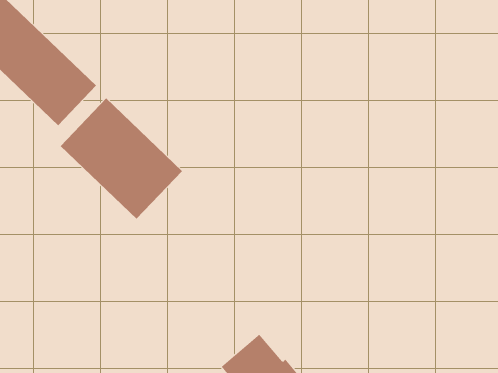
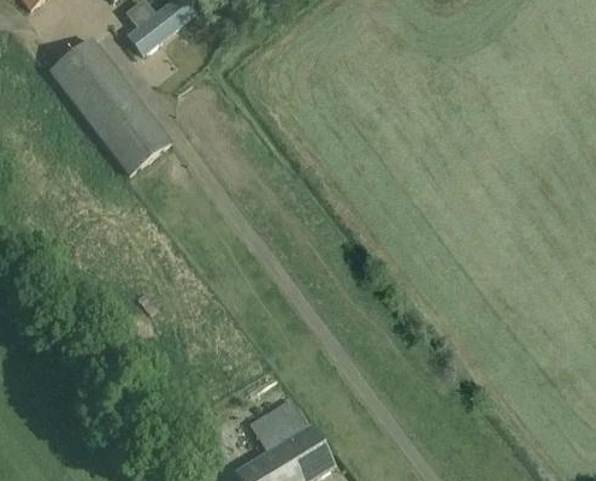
building: [60,98,183,220] -> none

